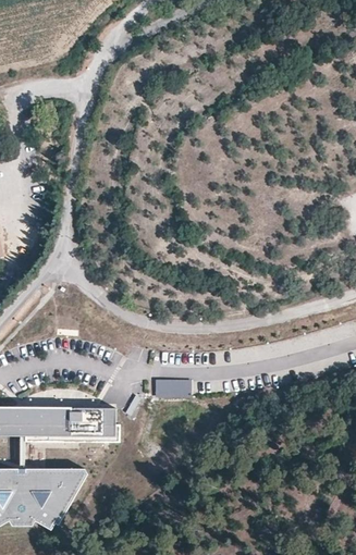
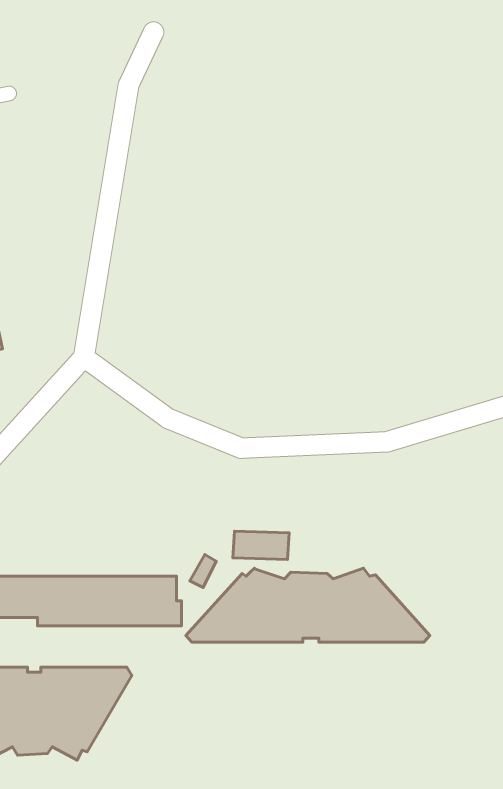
building: none -> [186,568,430,642]

